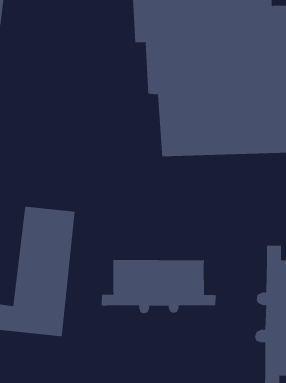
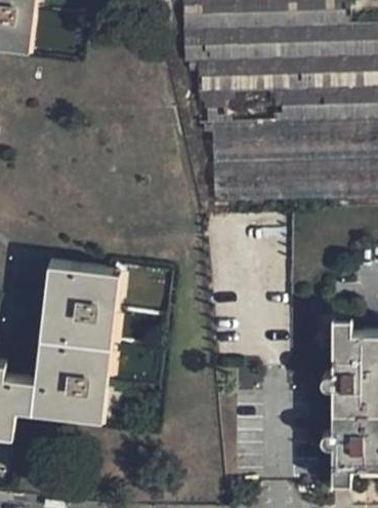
building: [101,259,216,314] -> none

